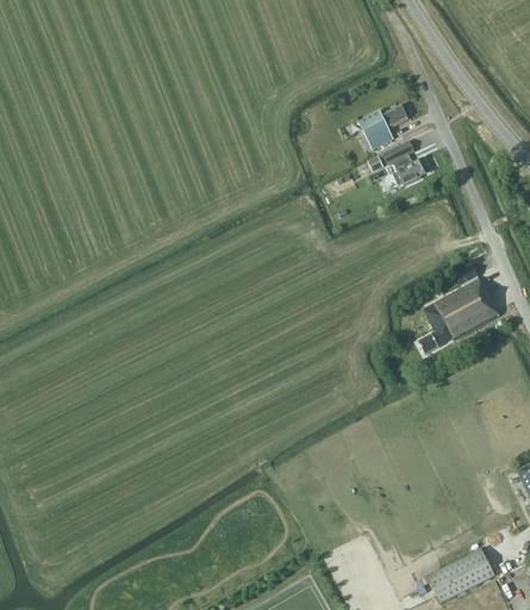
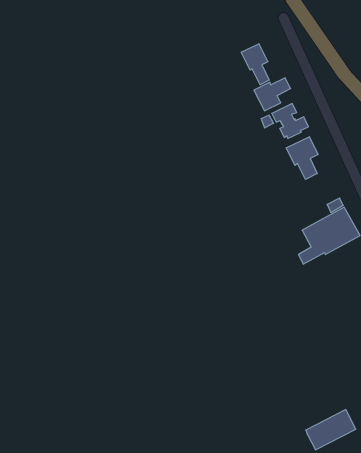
building: none -> [241,44,269,85]
building: none -> [286,137,318,179]

